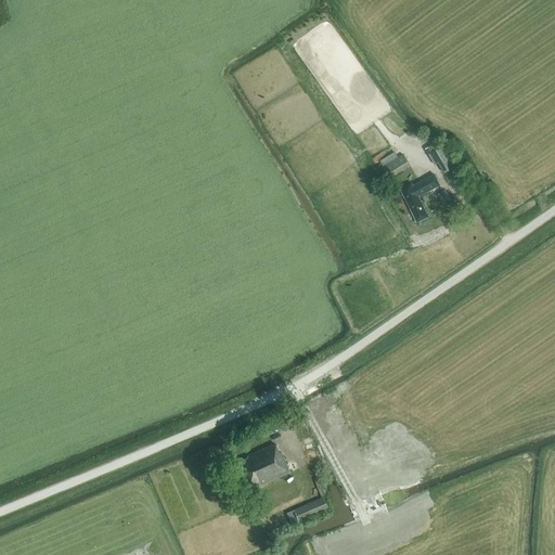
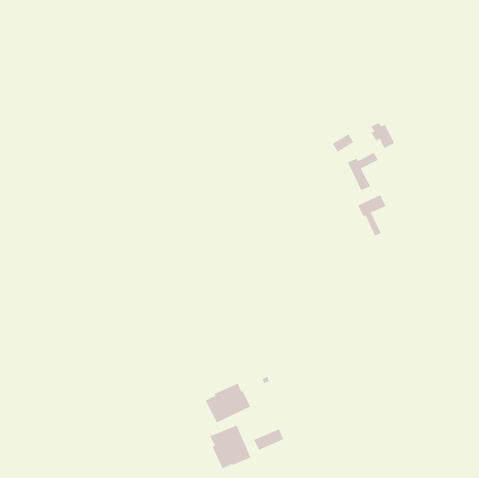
building: none -> [357,194,387,236]
building: none -> [209,424,252,469]

